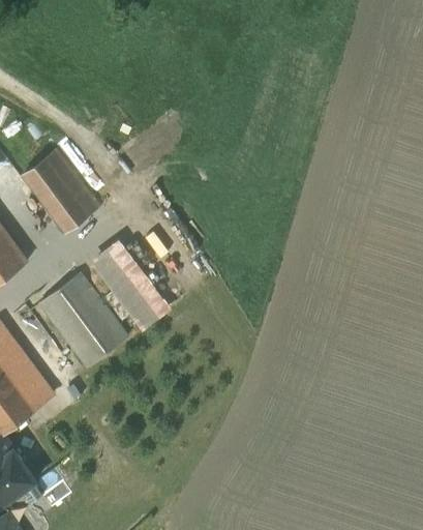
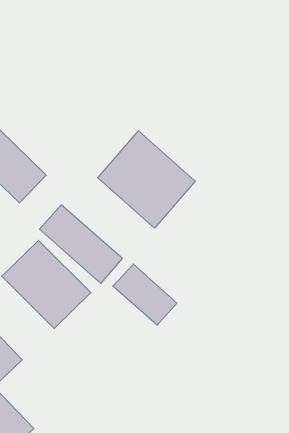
building: none -> [98,131,195,228]
building: none -> [113,264,177,325]

